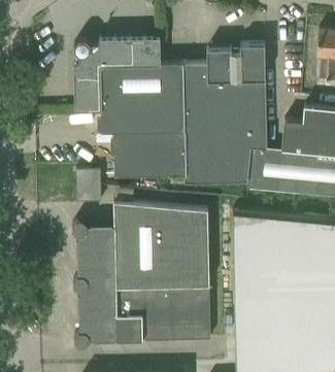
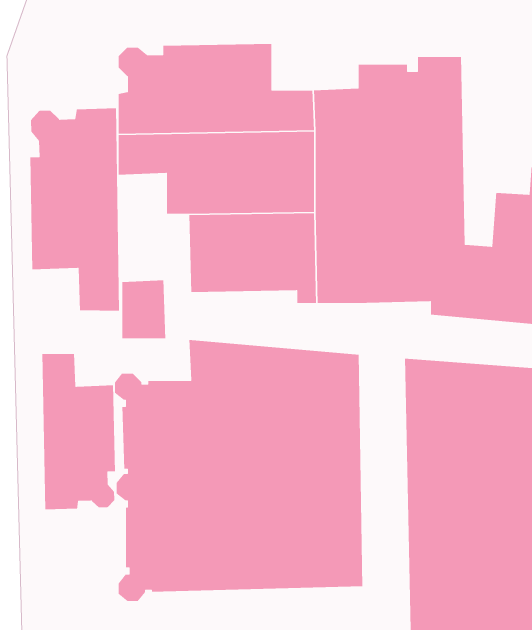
building: none -> [30,108,120,311]
building: none -> [41,353,116,510]

